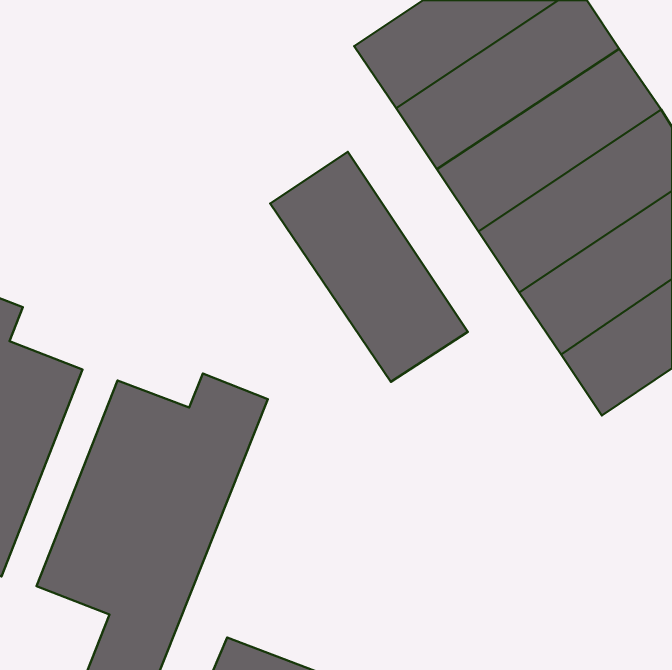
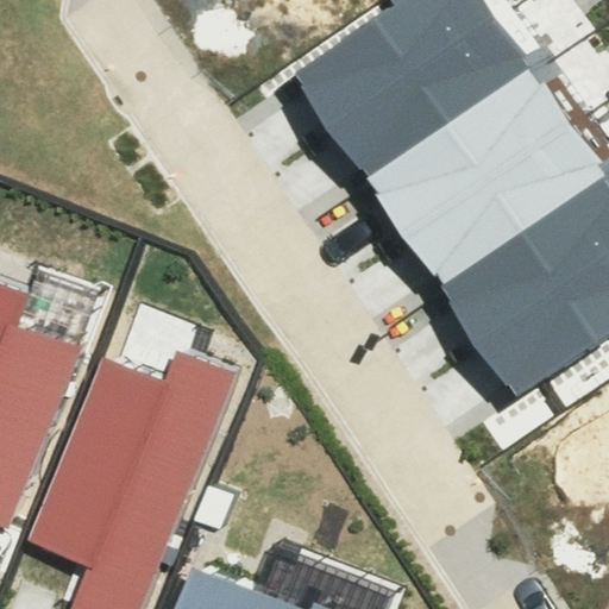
building: [270,152,468,382] -> none

